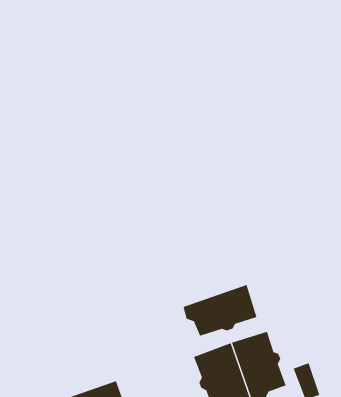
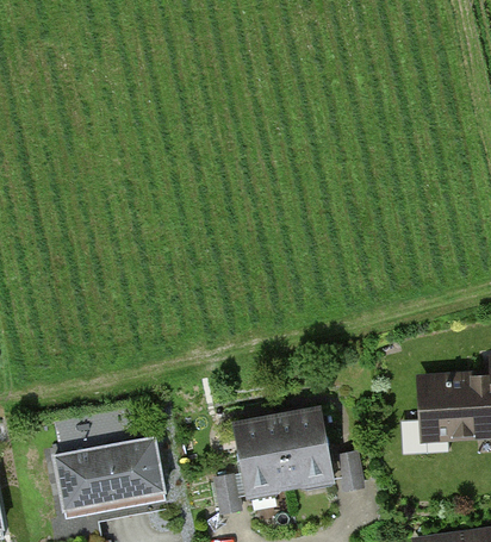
building: [183,284,257,336] -> none

